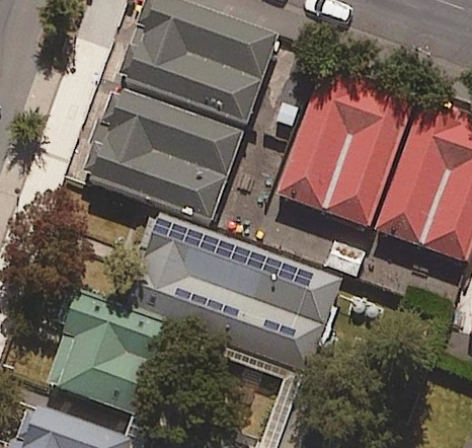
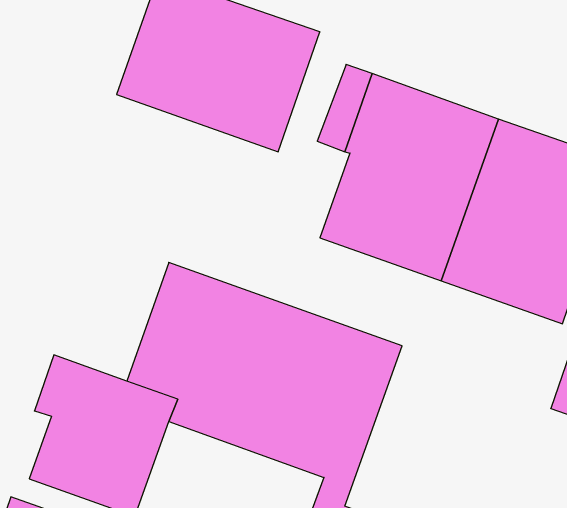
building: [86,85,244,222] -> none

